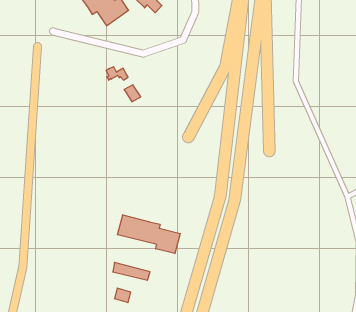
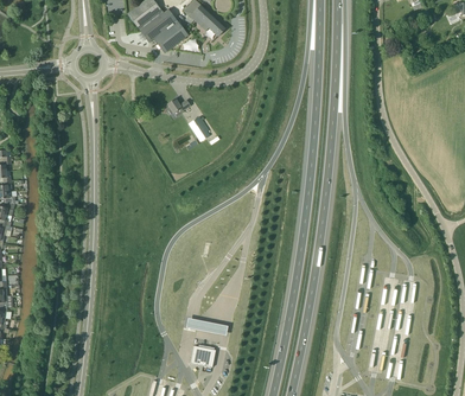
building: [117,215,180,254] -> none

